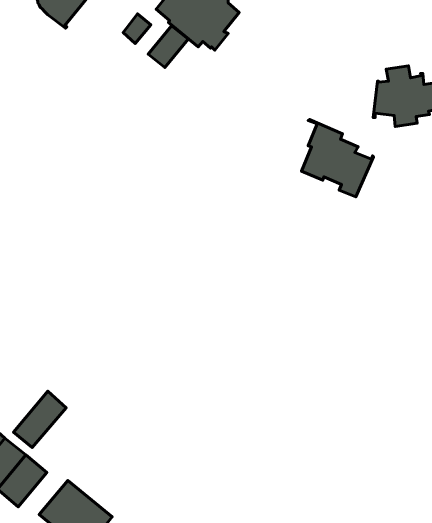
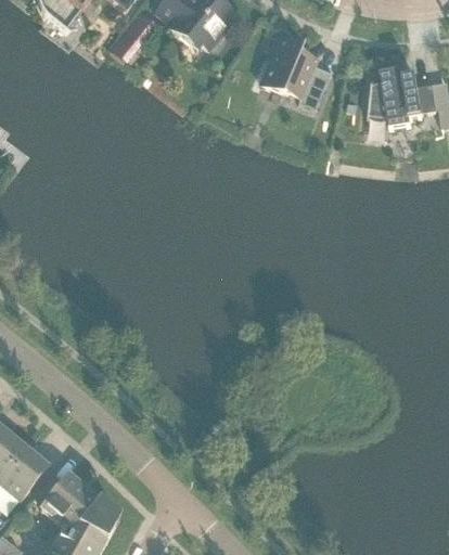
building: [148,26,188,68] -> none
building: [302,119,374,197] -> [260,31,331,107]
building: [14,391,66,448] -> none

